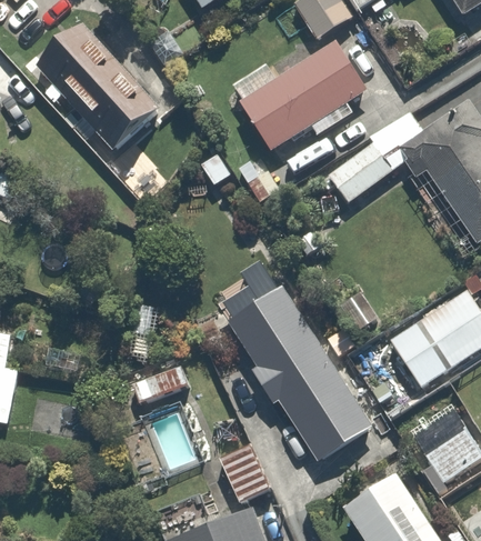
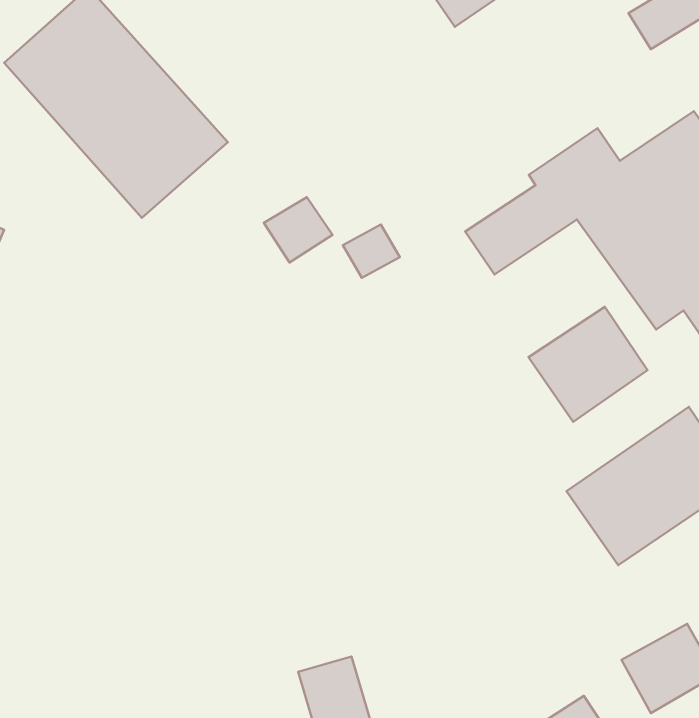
building: [230,48,360,150] -> none
building: none -> [528,307,648,422]
building: [231,285,369,458] -> none

